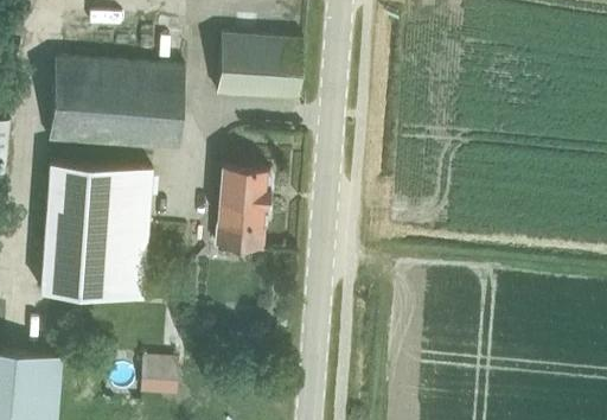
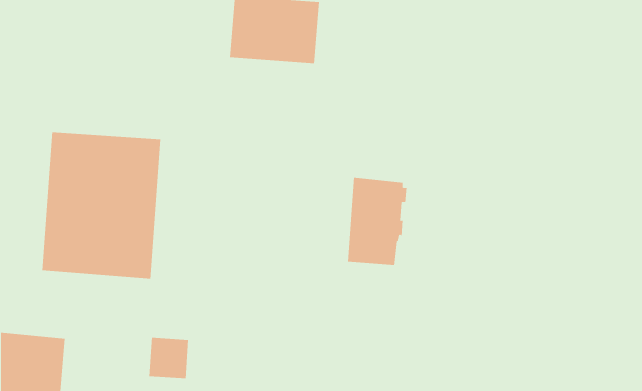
building: [49,61,184,147] -> none
building: [217,166,274,249] -> [347,177,407,266]

